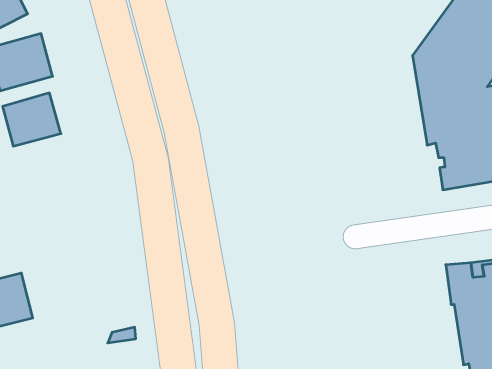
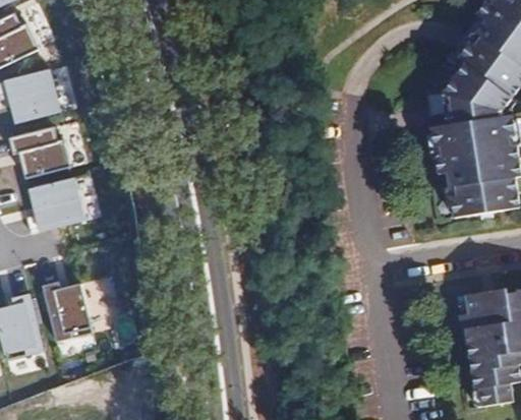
building: none -> [35,177,98,231]
building: none -> [50,284,101,338]

